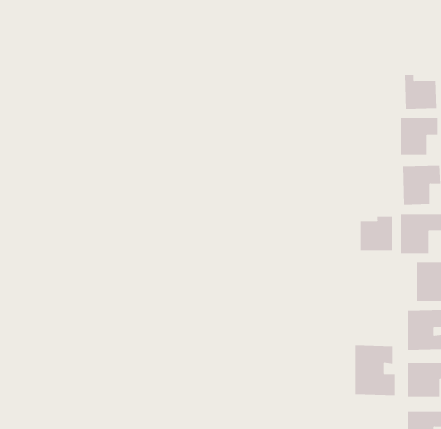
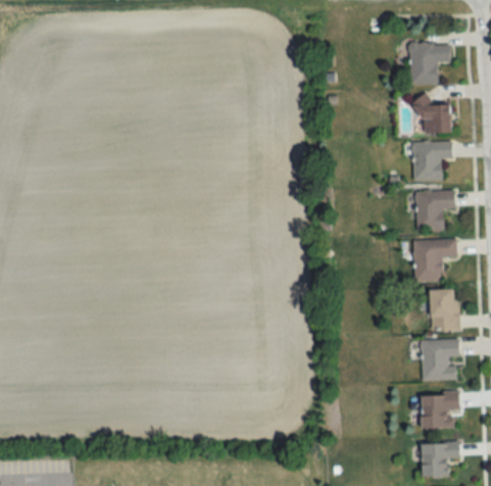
building: none -> [409,42,450,84]
building: [360,216,393,251] -> none
building: [355,344,395,396] -> none

